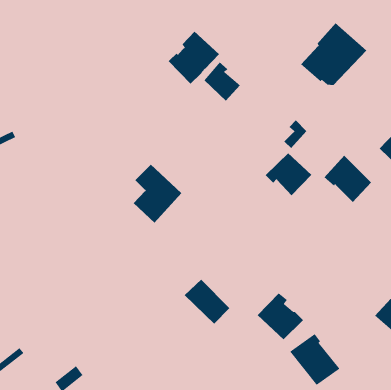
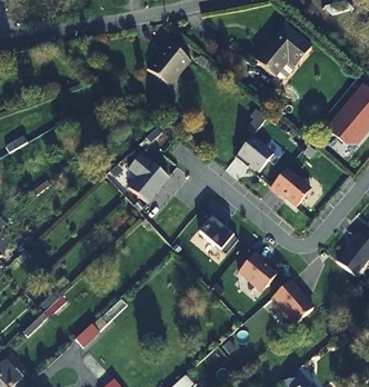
building: [204,61,241,101] -> none
building: [324,155,372,203] -> [270,168,310,207]
building: [184,279,230,325] -> [198,217,237,254]

